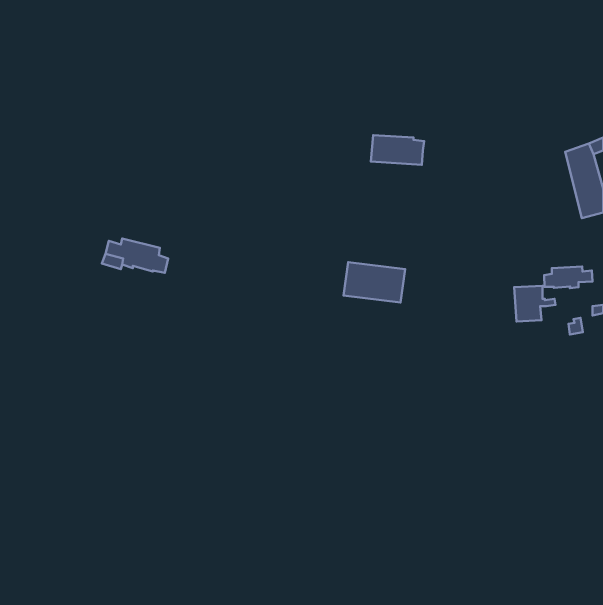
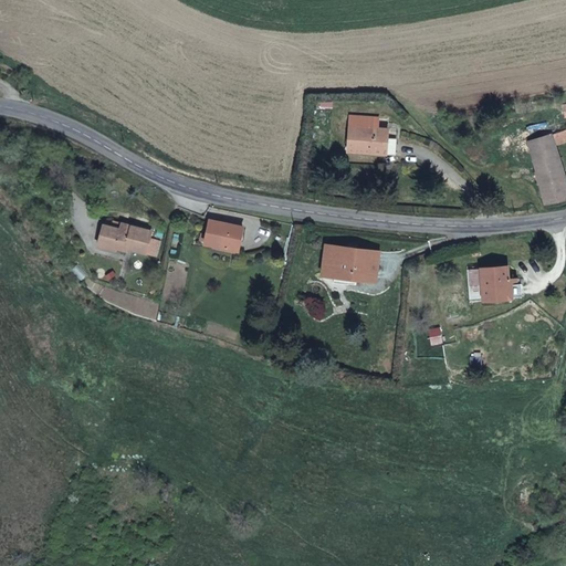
building: none -> [203,220,241,250]
building: [544,267,593,288] -> none

